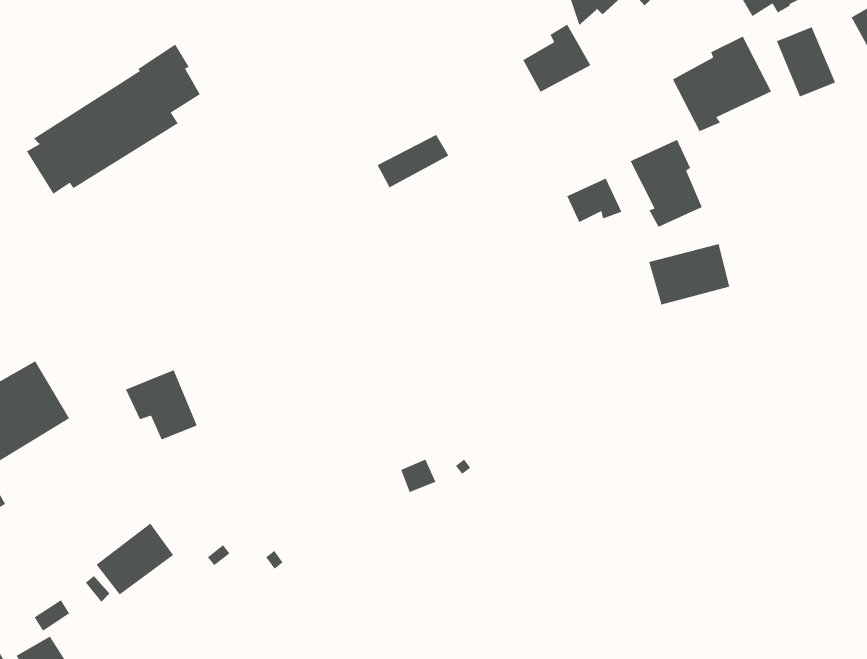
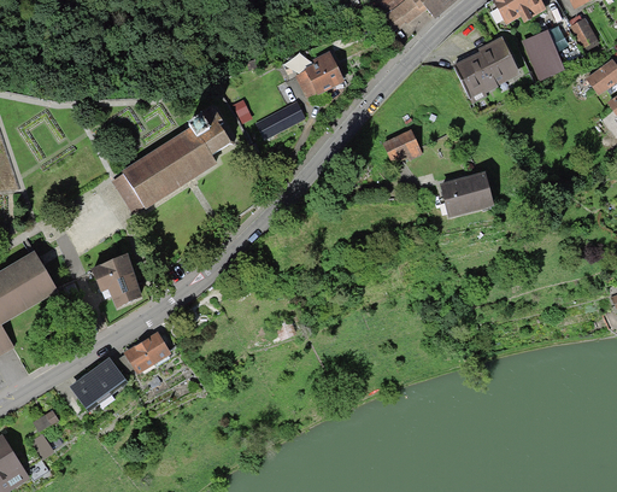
building: [522,23,591,93] -> [301,49,347,95]
building: [26,43,201,195] -> [116,109,231,209]
building: [630,139,703,228] -> none
building: none -> [125,332,170,373]

